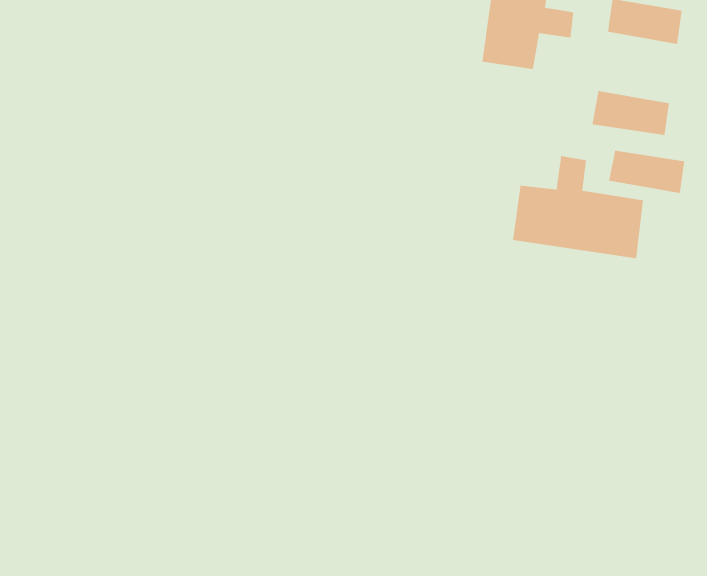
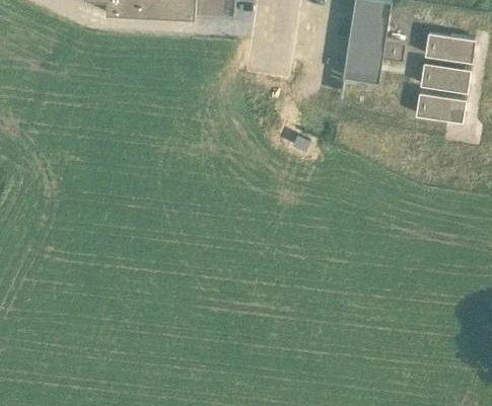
building: [608,150,685,194] -> [420,62,470,90]
building: [512,155,644,259] -> none

